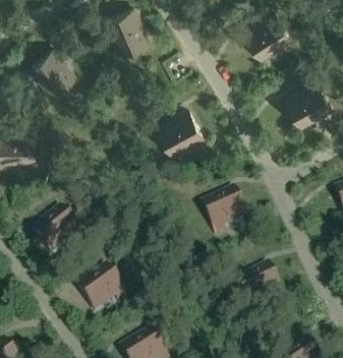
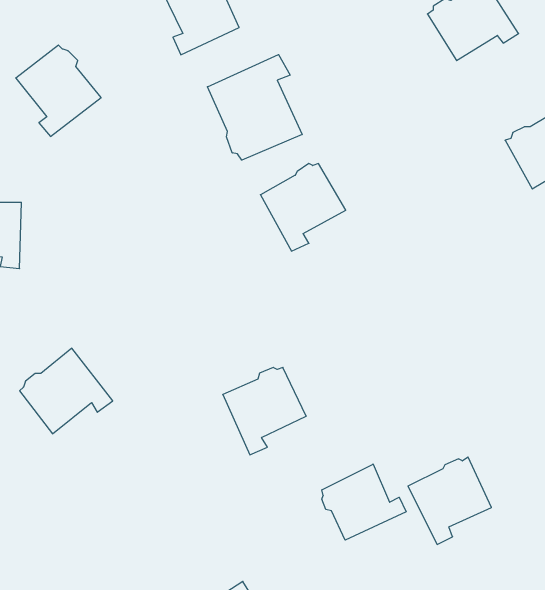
building: none -> [207,55,302,160]
building: [203,190,246,236] -> [223,367,306,455]
building: [78,267,126,311] -> none
building: none -> [322,464,406,540]

